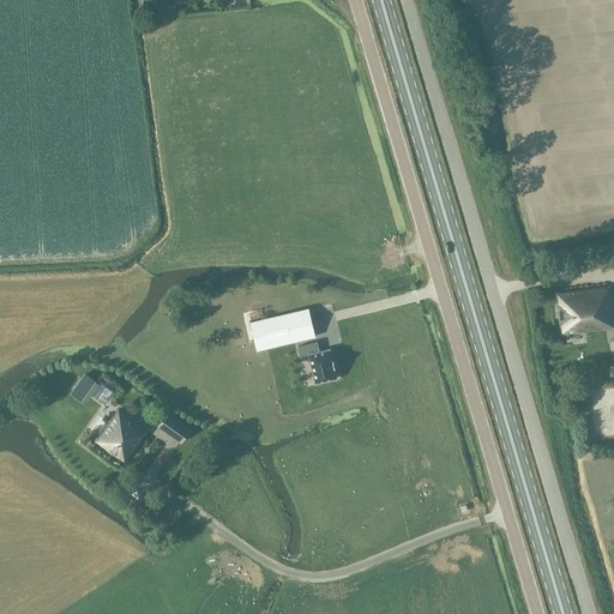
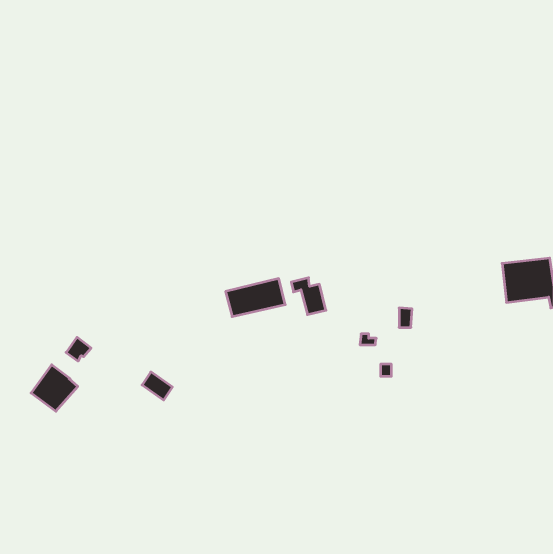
building: [299,342,337,383] -> [291,278,326,315]
building: [96,409,148,460] -> [31,365,78,411]

